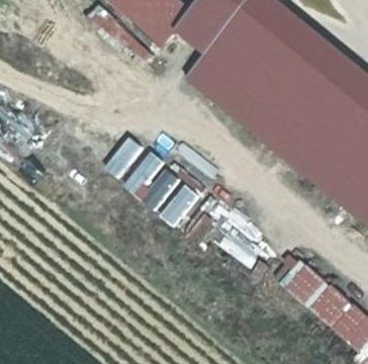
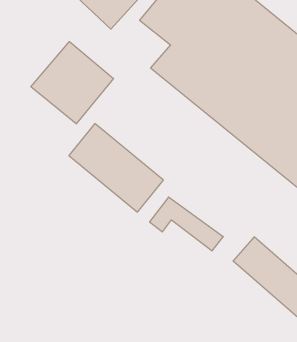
building: none -> [31,42,114,124]

